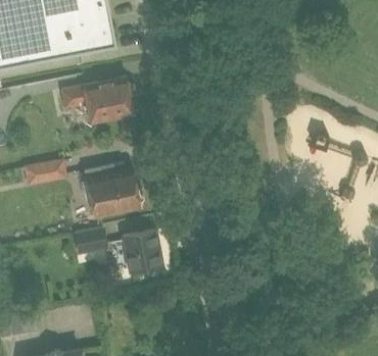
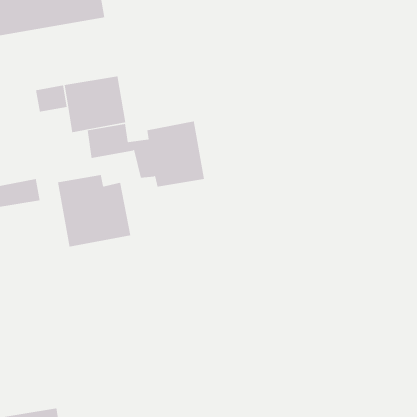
building: [69,230,162,282] -> [87,121,205,187]

